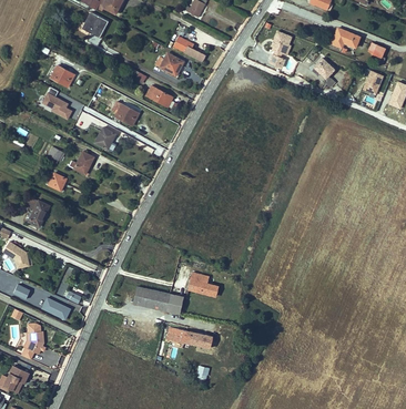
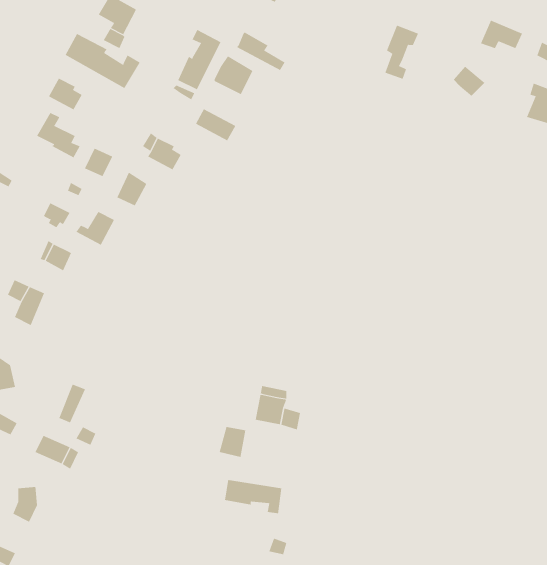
building: none -> [178,29,221,90]
building: none -> [65,33,141,89]
building: [130,284,166,308] -> none

